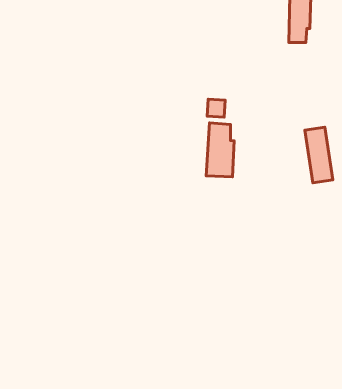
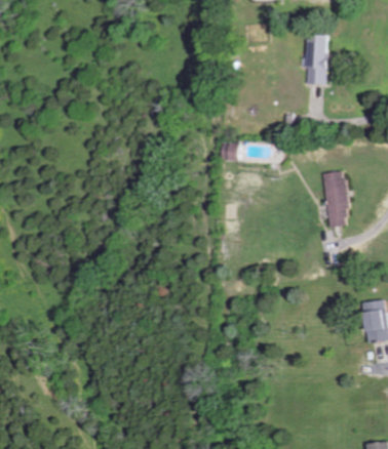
building: [206,123,234,177] -> none

